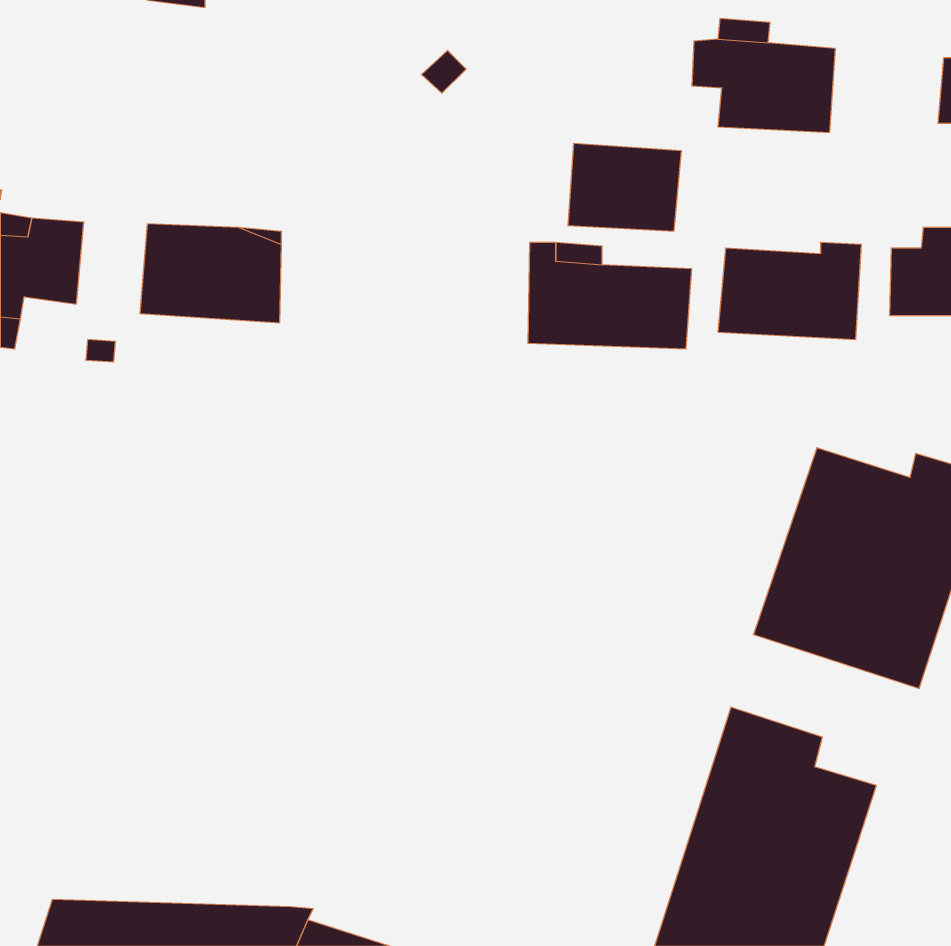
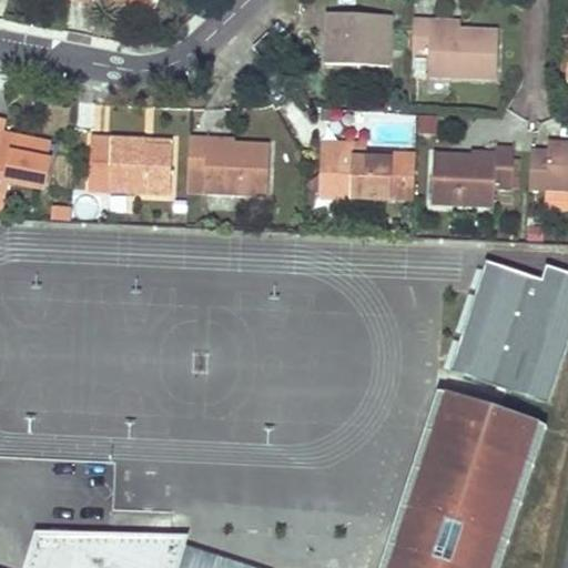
building: [568,143,682,231] -> [324,11,392,63]
building: none -> [187,135,268,190]
building: none -> [436,398,535,467]

